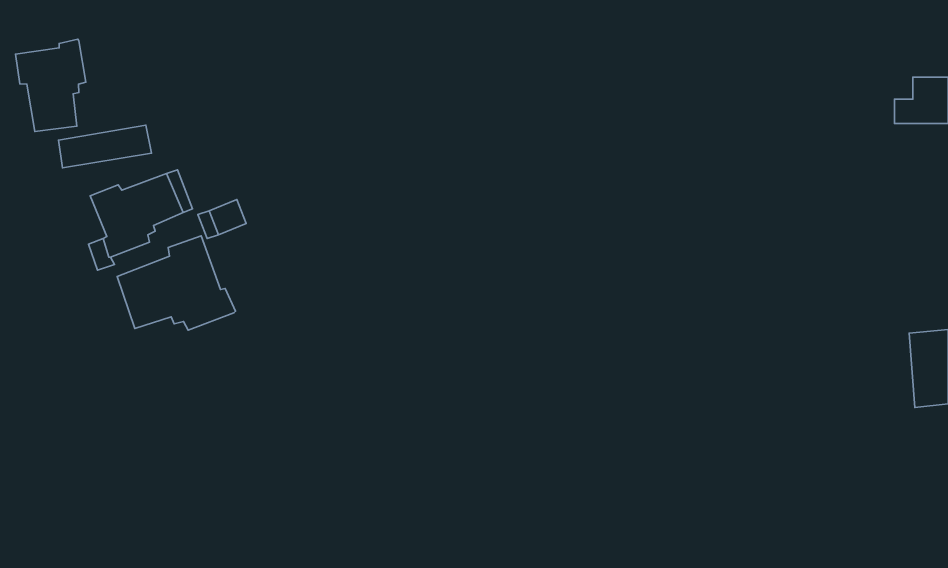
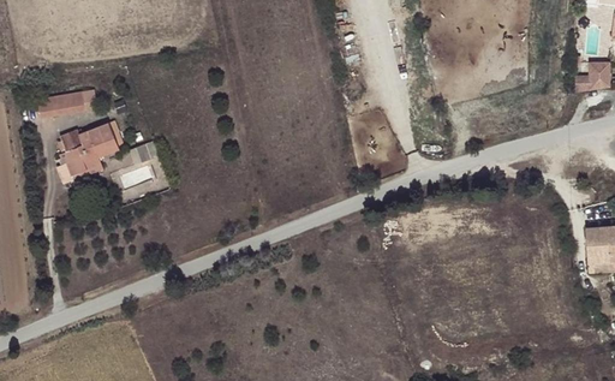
building: [16,39,86,132] -> none
building: [117,236,236,330] -> none

